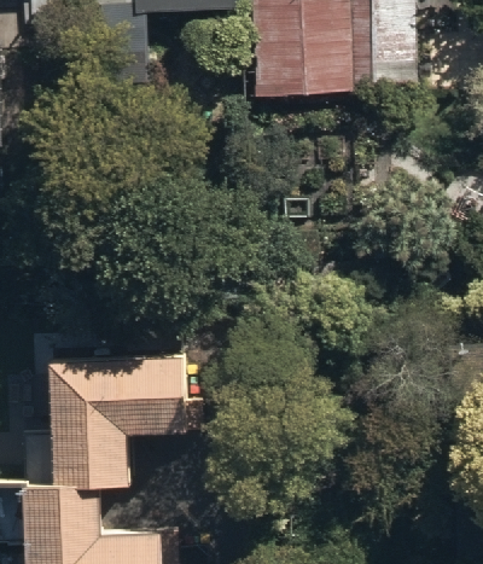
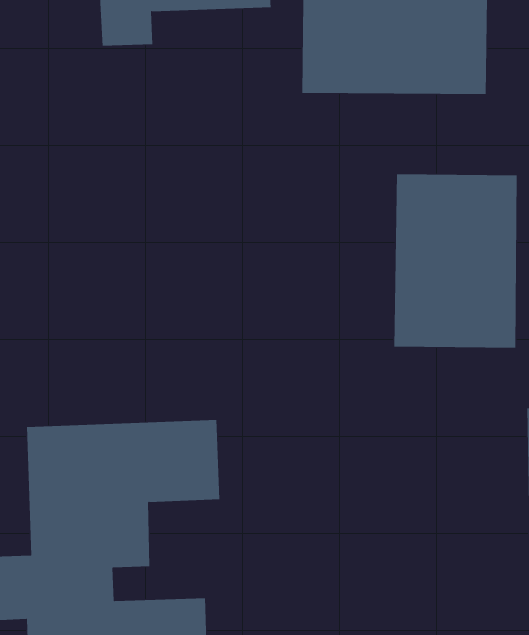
building: none -> [394,174,517,349]

